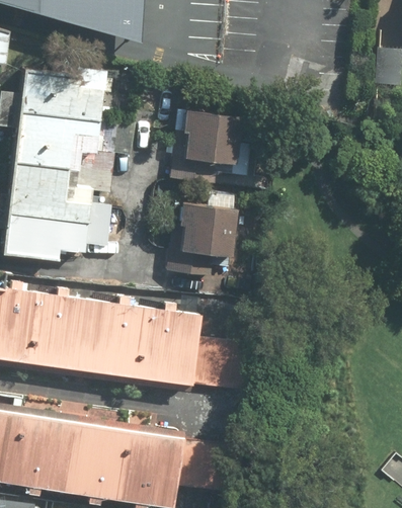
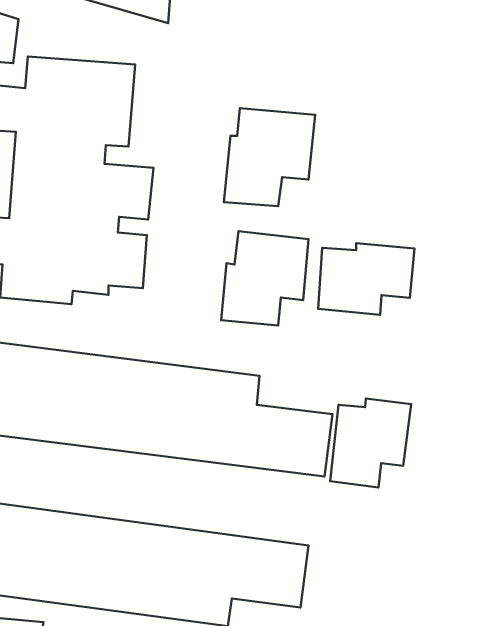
building: none -> [318,243,414,315]
building: none -> [330,398,411,488]

